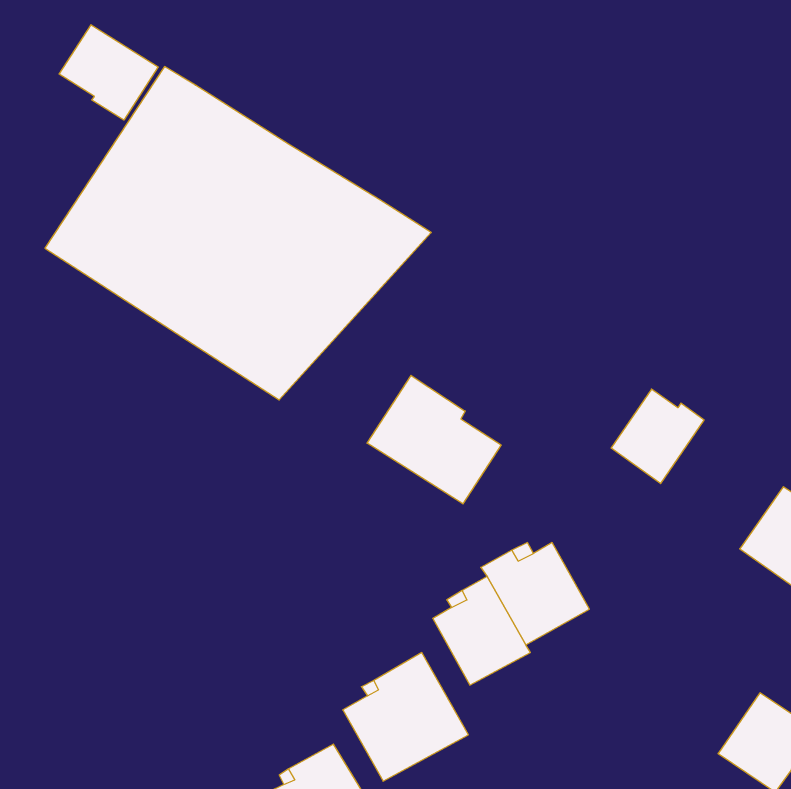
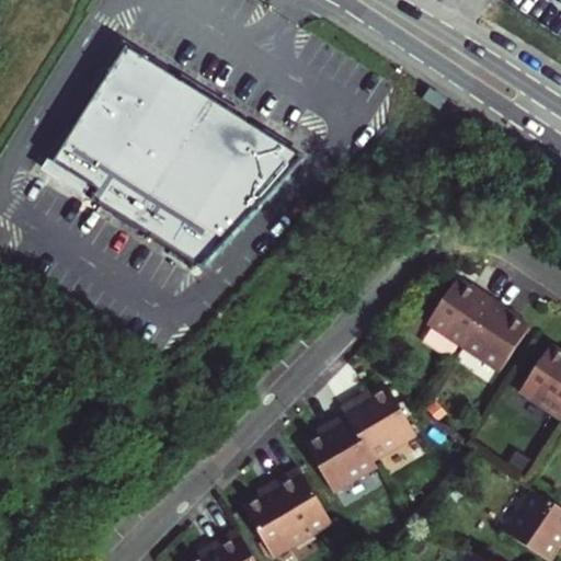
building: [59,25,158,120] -> none
building: [367,375,501,504] -> none
building: none -> [468,299,533,369]

